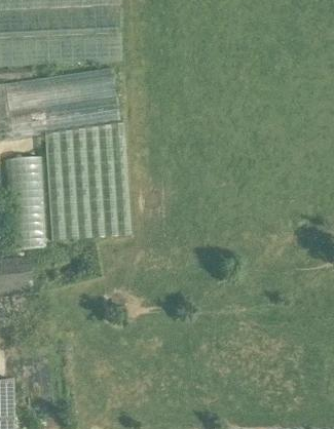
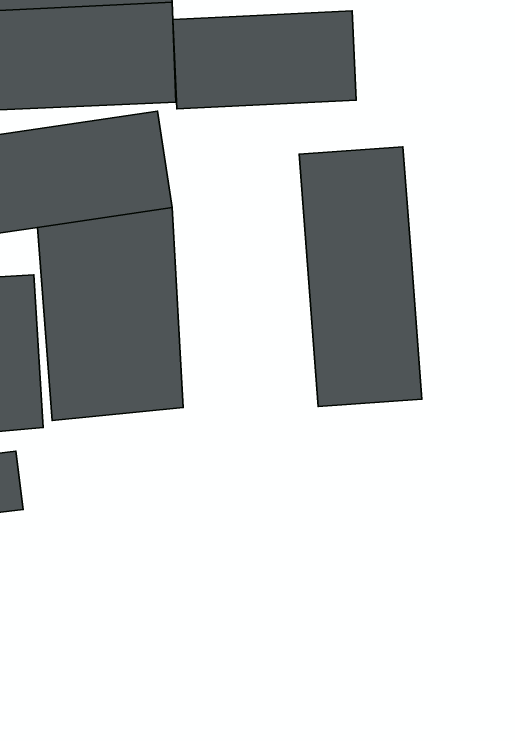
building: none -> [173,11,356,109]
building: none -> [299,147,422,407]

